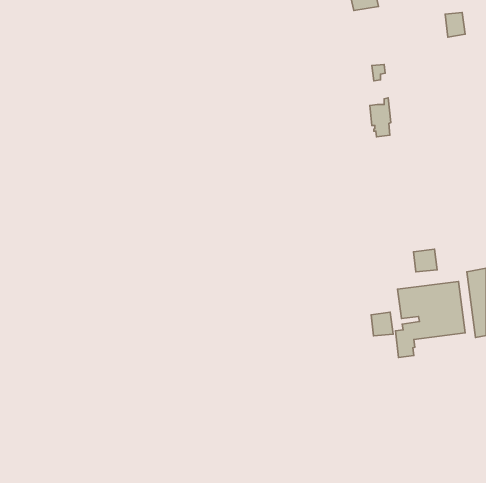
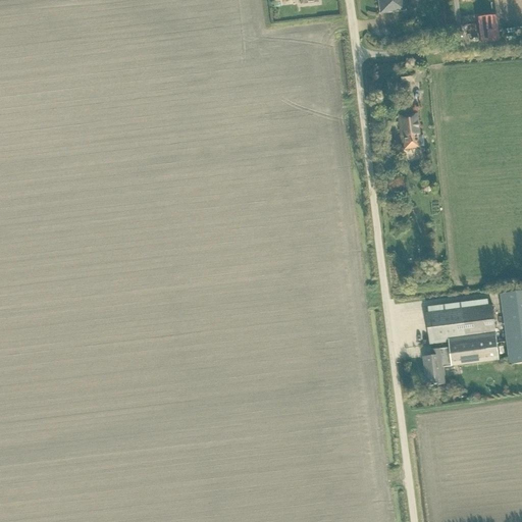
building: [414,249,437,272] -> none
building: [371,312,393,336] -> none

